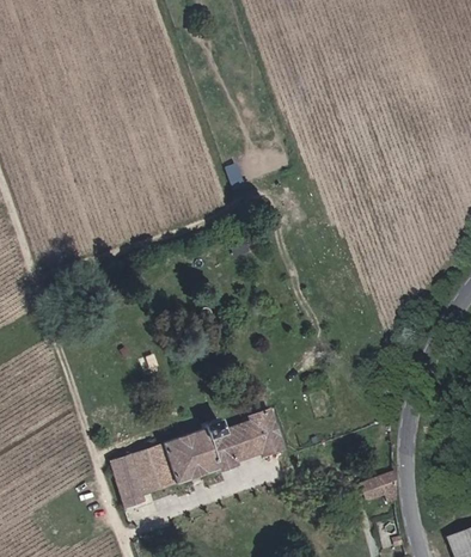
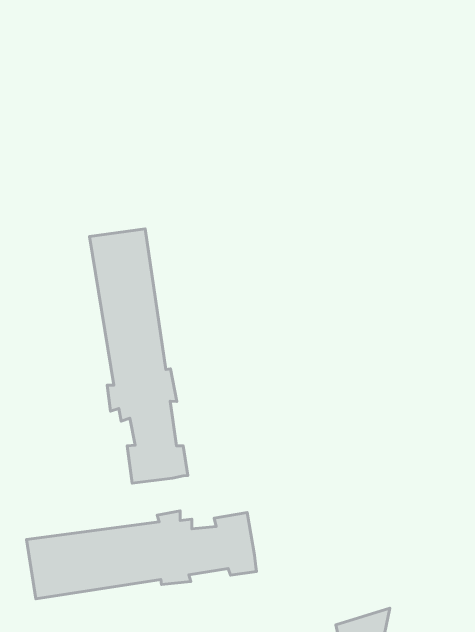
building: none -> [90,229,188,483]

